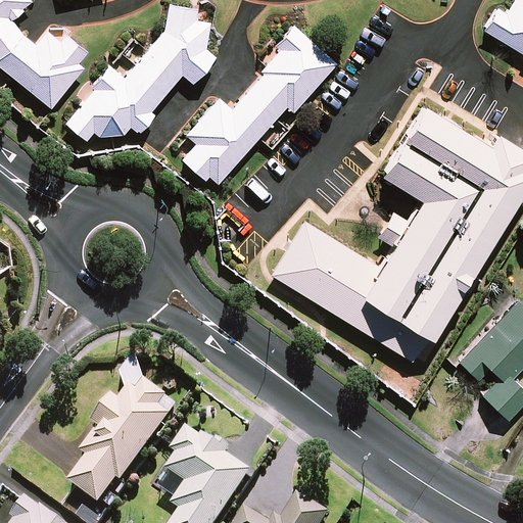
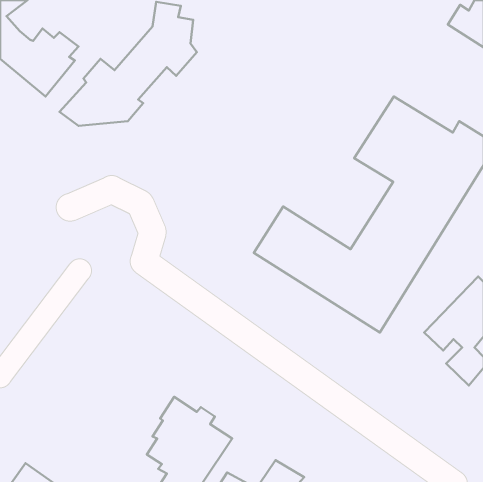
building: [183,26,334,183] -> none
building: [70,384,178,507] -> none

